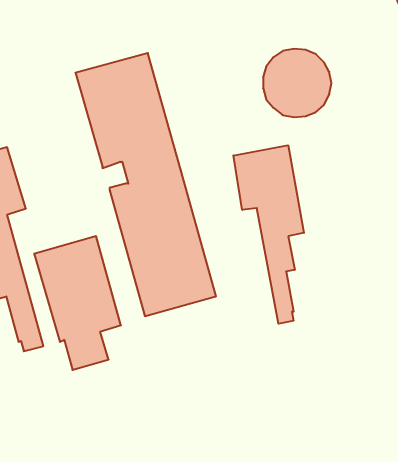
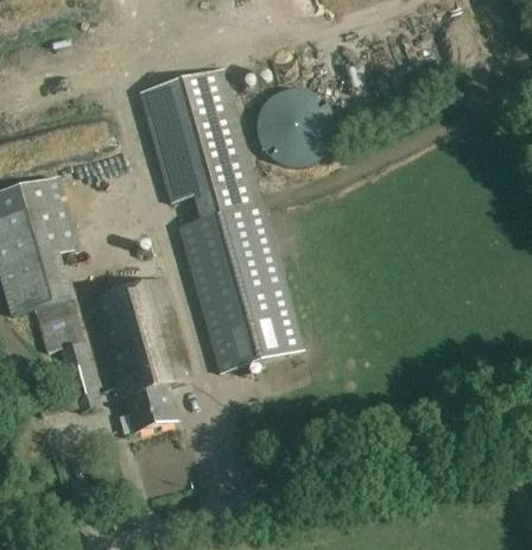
building: [263,49,331,117] -> [256,87,335,165]
building: [233,145,304,324] -> none

